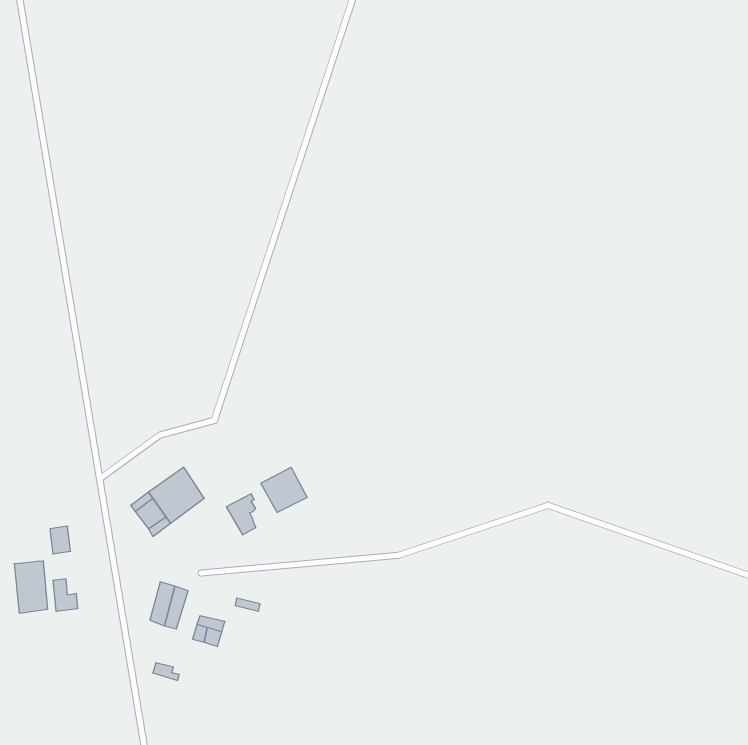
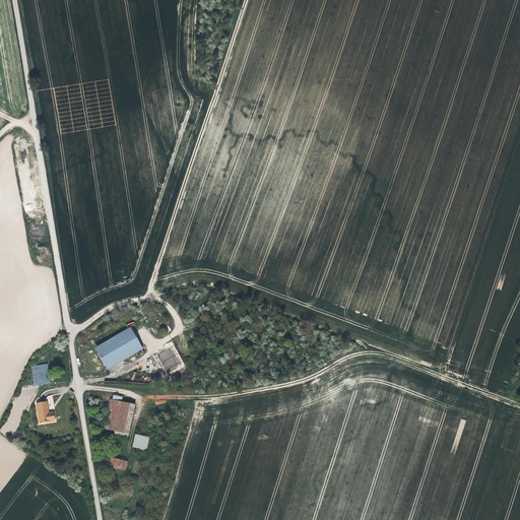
building: [261,467,307,513] -> none
building: [14,561,47,613] -> none

